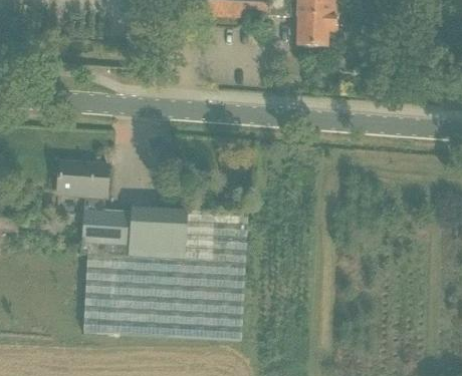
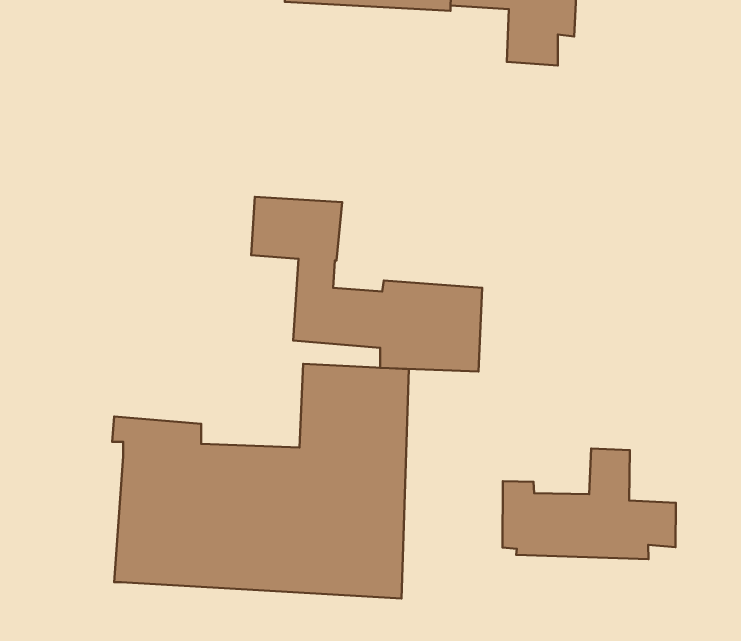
building: [59,161,187,258] -> [251,197,482,371]
building: none -> [502,449,676,559]

